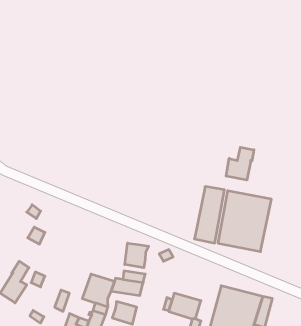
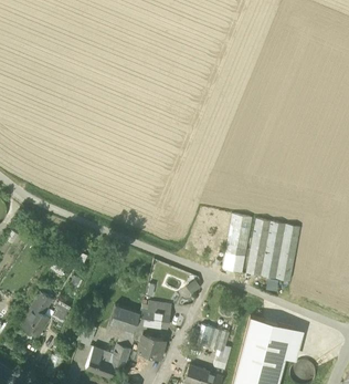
building: [226,147,254,180] -> none
building: [125,243,149,268] -> none

